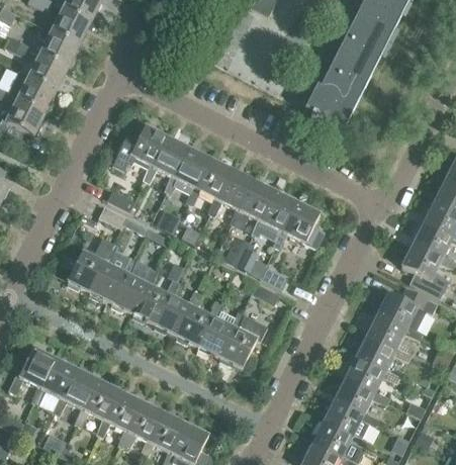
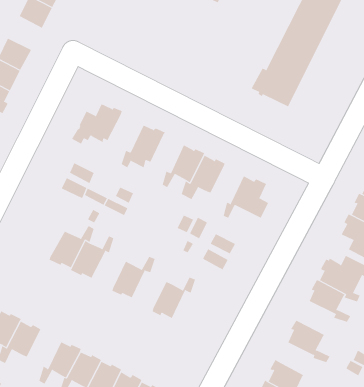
building: [41,27,79,67] -> none
building: [142,135,189,182] -> none
building: [187,159,233,204] -> none
building: [252,191,298,237] -> none
building: [65,237,114,290] -> none
building: [131,278,179,323] -> none
building: [175,300,222,346] -> none
building: [217,314,267,368] -> none
building: [355,336,401,382] -> none
building: [53,370,101,416] -> none
building: [334,380,379,426] -> none

